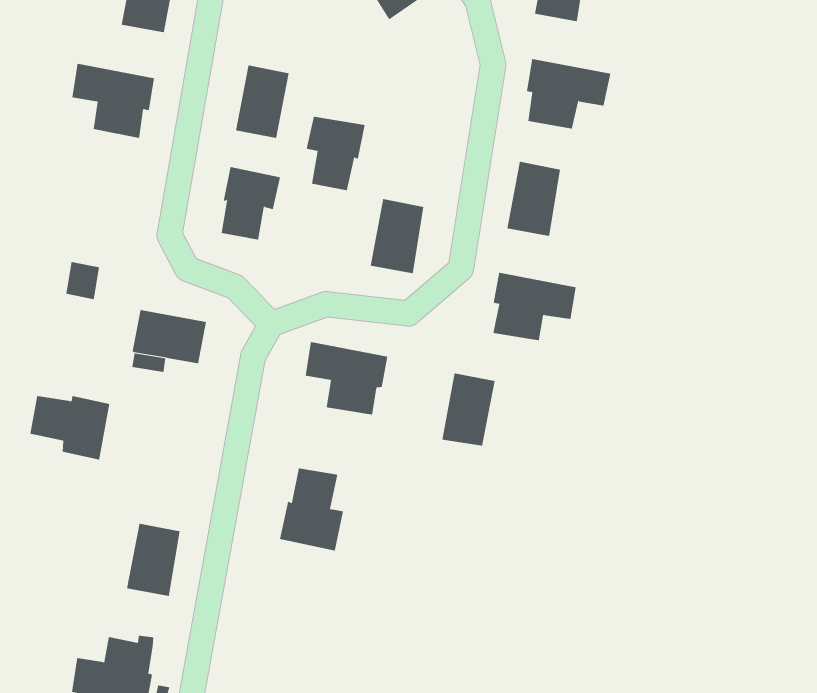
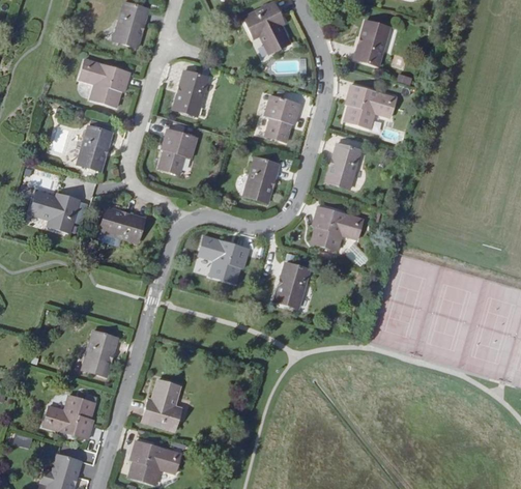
building: [306,116,366,191] -> [264,96,300,142]
building: none -> [78,120,113,172]
building: [30,395,110,460] -> [30,192,79,233]
building: [279,468,344,551] -> [142,380,181,431]

